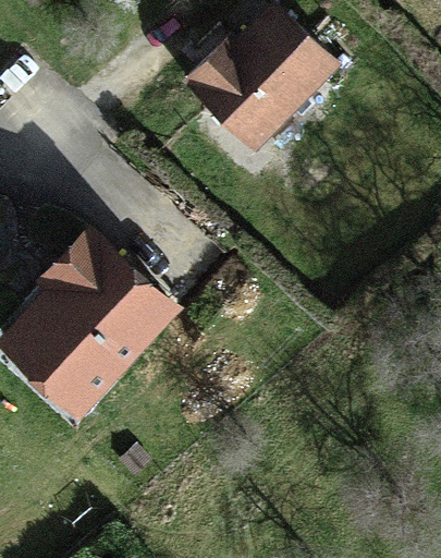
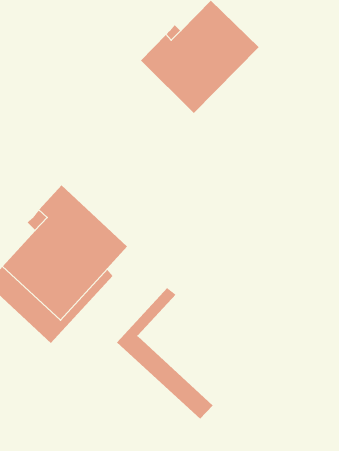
building: none -> [116,287,214,419]

